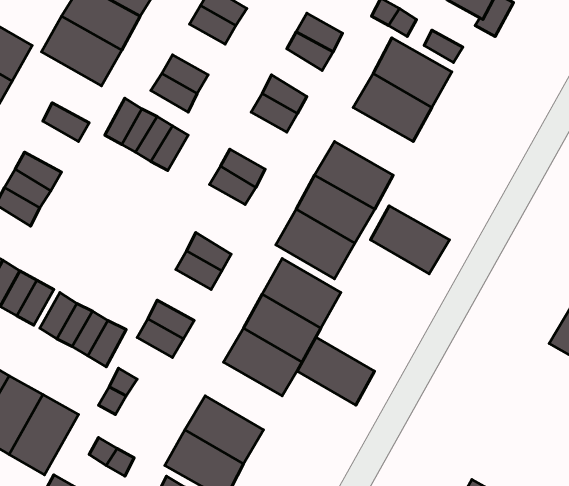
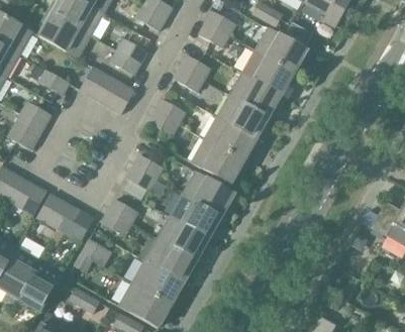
building: [371,206,449,274] -> [229,73,281,117]
building: [297,337,374,405] -> [144,239,195,284]

